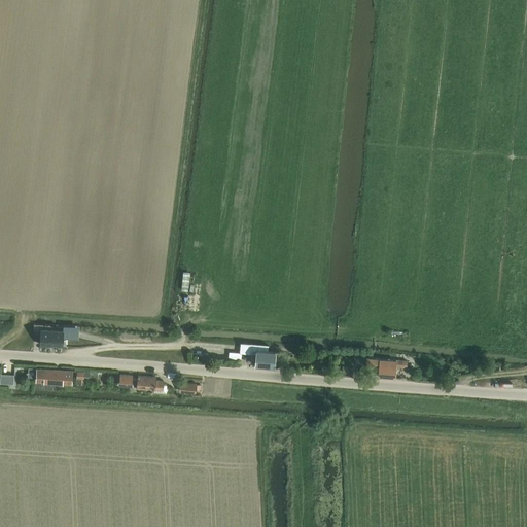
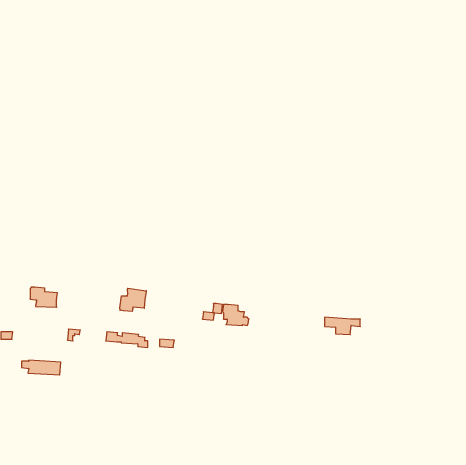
building: none -> [120,288,146,311]
building: [29,368,73,385] -> [22,360,61,375]

